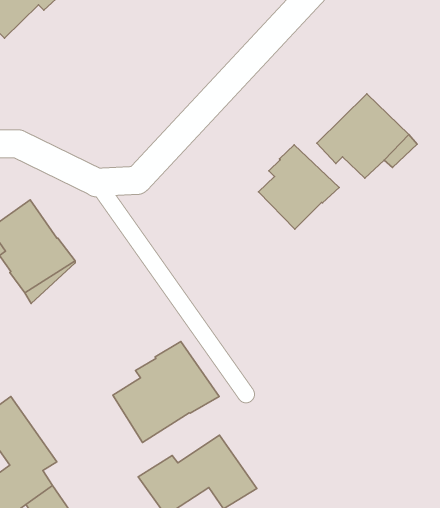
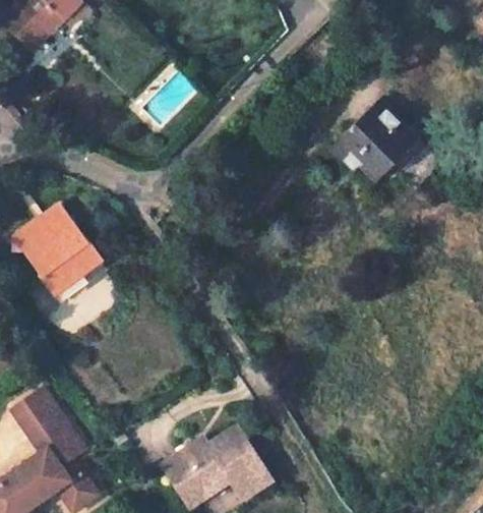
building: [259,145,339,229] -> none
building: [113,341,219,443] -> none

